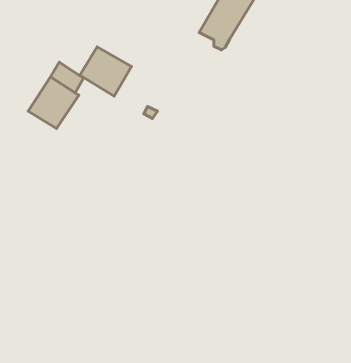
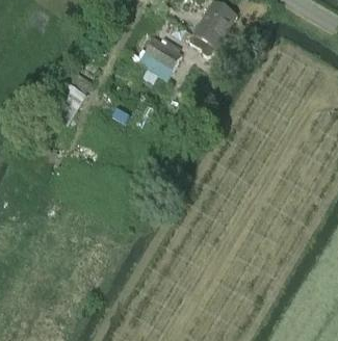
building: [80,47,132,96] -> [140,34,184,76]

